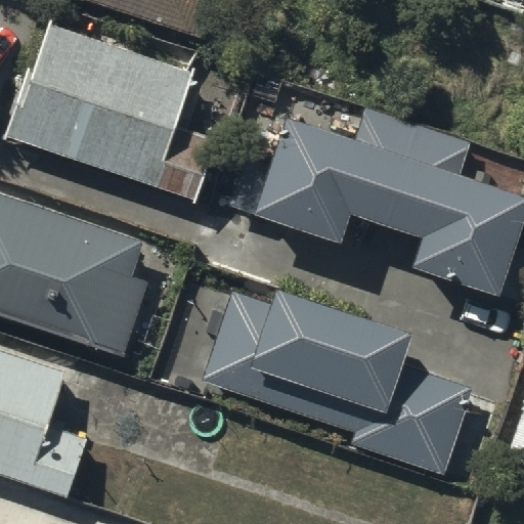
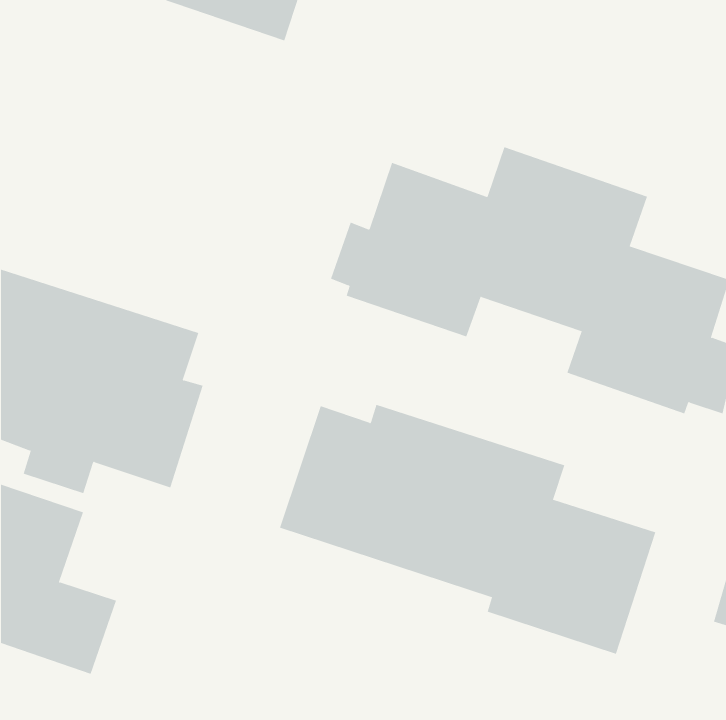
building: [9,25,217,196] -> none

